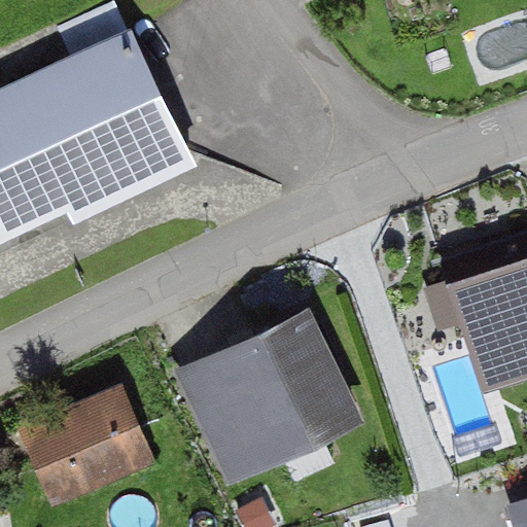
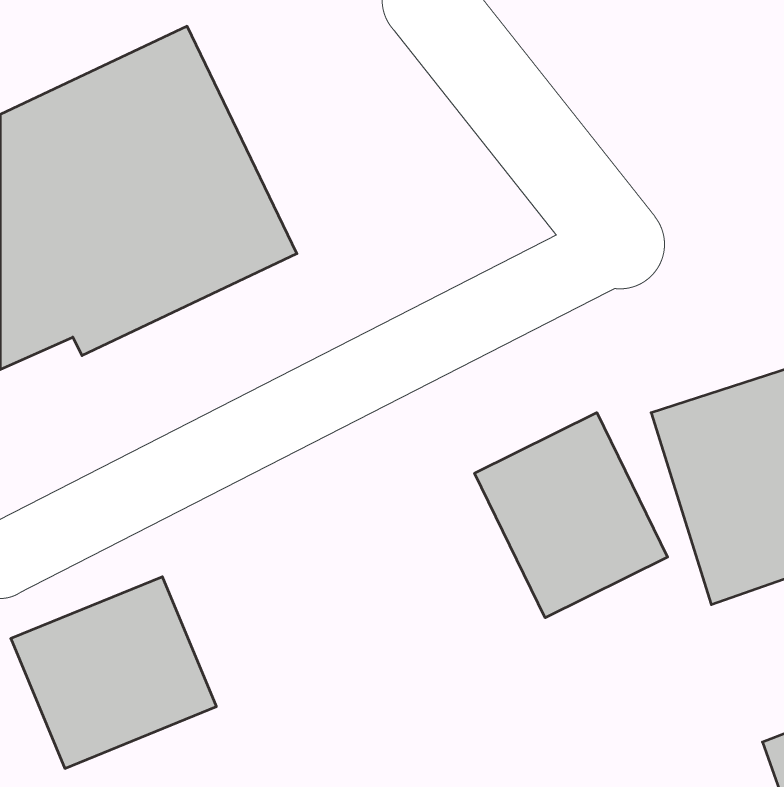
building: none -> [475,413,668,618]
building: [175,312,355,483] -> none

